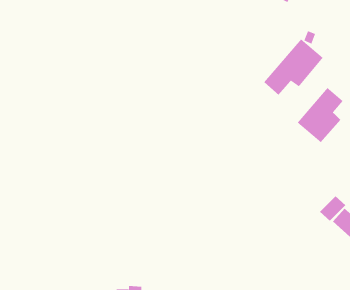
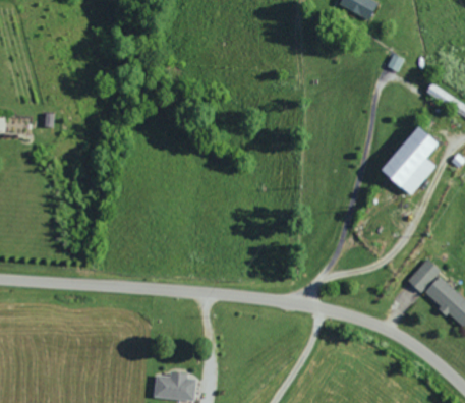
building: [263,38,323,96] -> none

